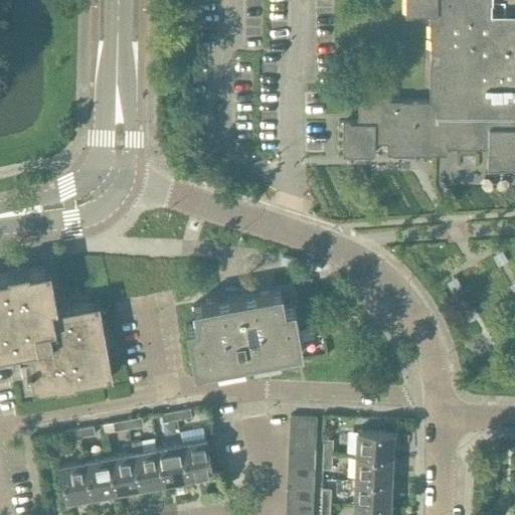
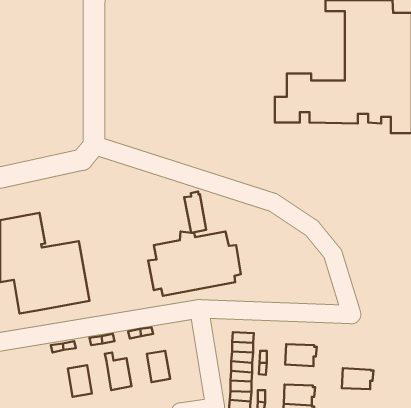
building: none -> [184,191,206,233]
building: [159,447,190,487] -> none
building: [110,456,140,496] -> none
building: [356,460,395,486] -> [342,368,373,389]
building: [60,465,92,505] -> none

